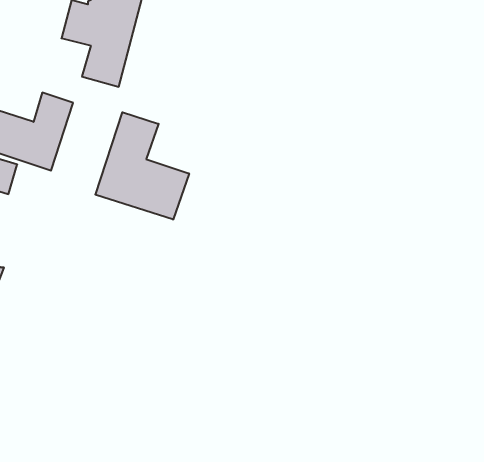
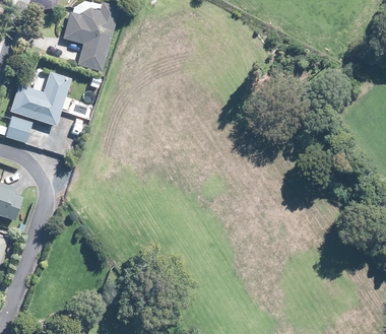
building: [95,112,189,220] -> none

